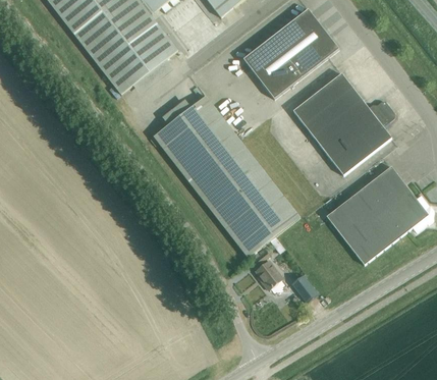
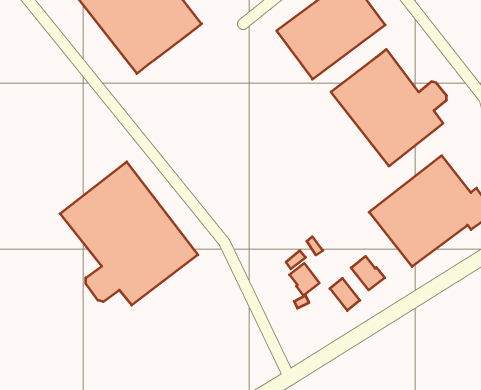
building: [150,95,299,257] -> none
building: none -> [60,162,198,305]
building: none -> [351,256,385,290]

